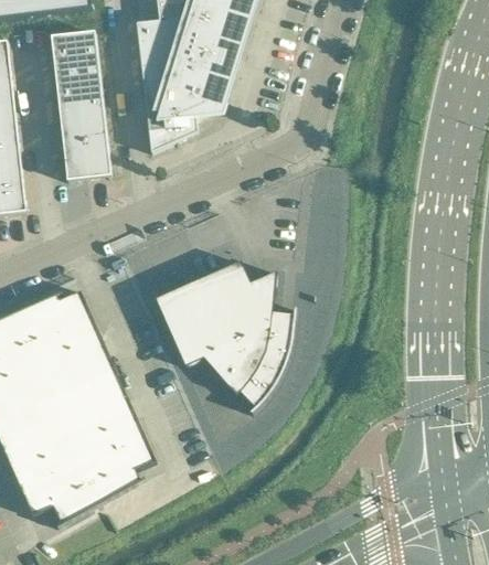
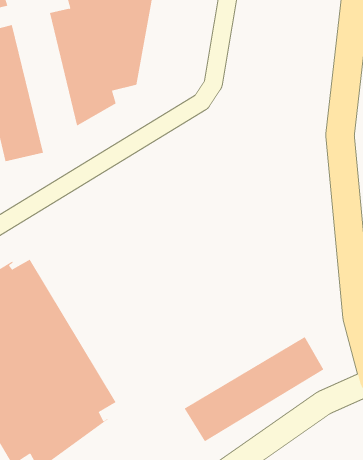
building: [153,259,295,412] -> none
building: none -> [184,336,324,442]

